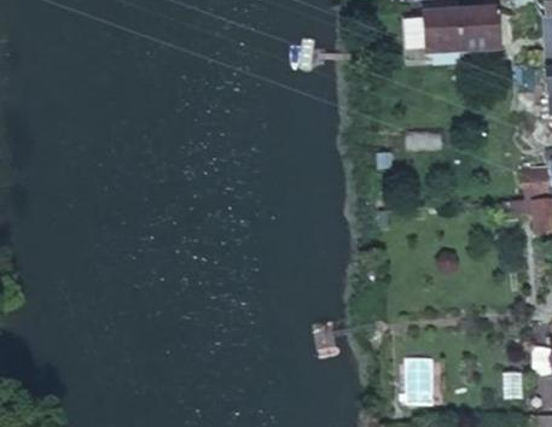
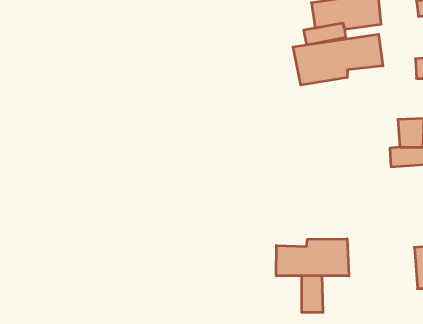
building: none -> [293,34,383,85]
building: none -> [276,239,349,276]

